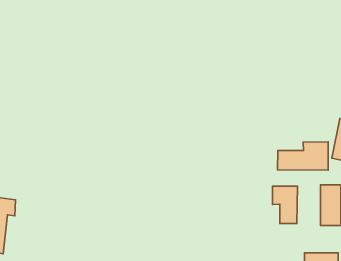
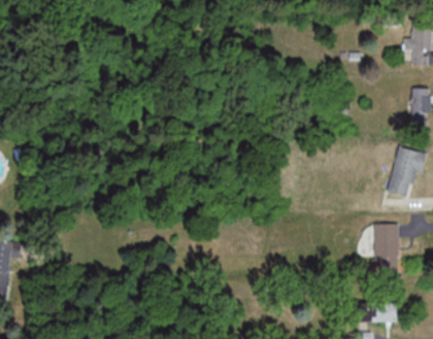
building: [278,142,328,170] -> none
building: [272,186,298,223] -> none

